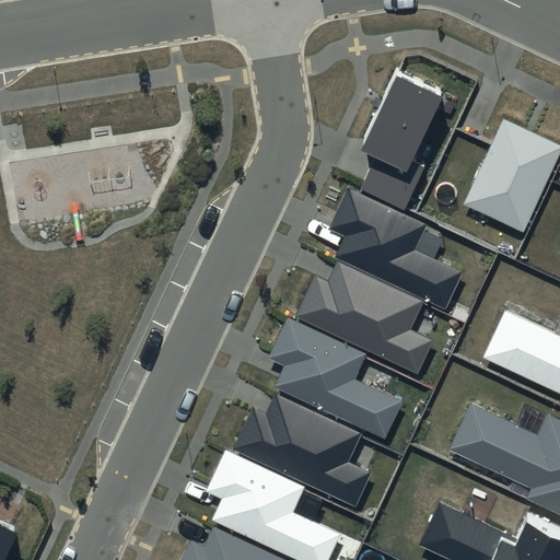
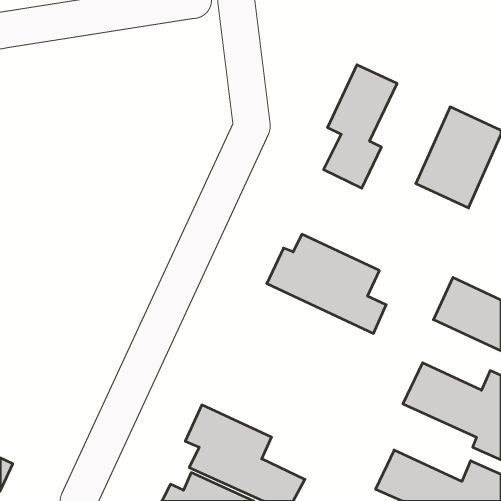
building: [328,188,462,308] -> none
building: [268,317,402,439] -> none
building: [234,395,371,505] -> none

